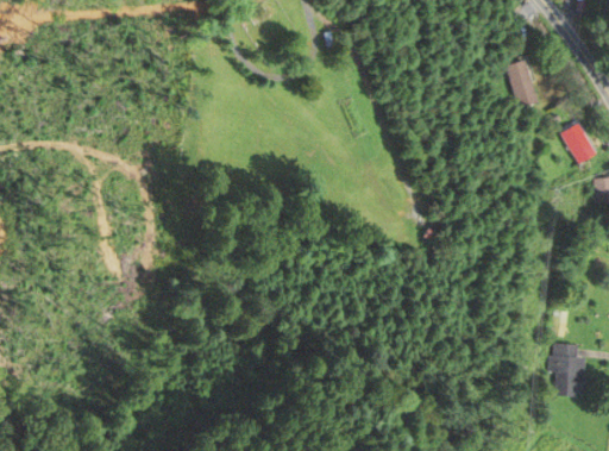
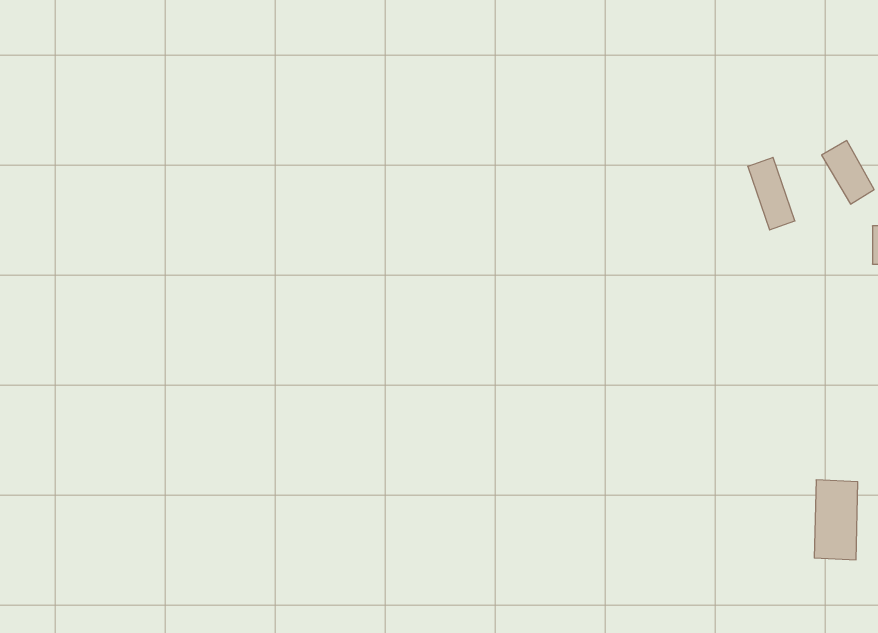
building: [507,58,538,106] -> [748,157,795,230]

